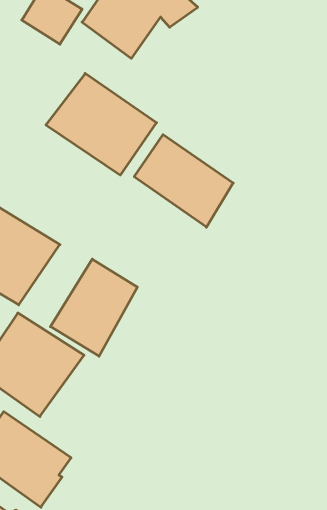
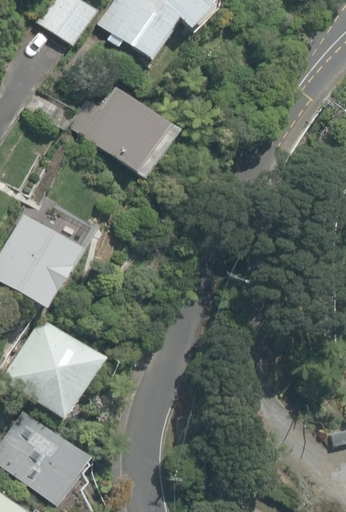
building: [134,135,233,227] -> none
building: [50,259,137,356] -> none

